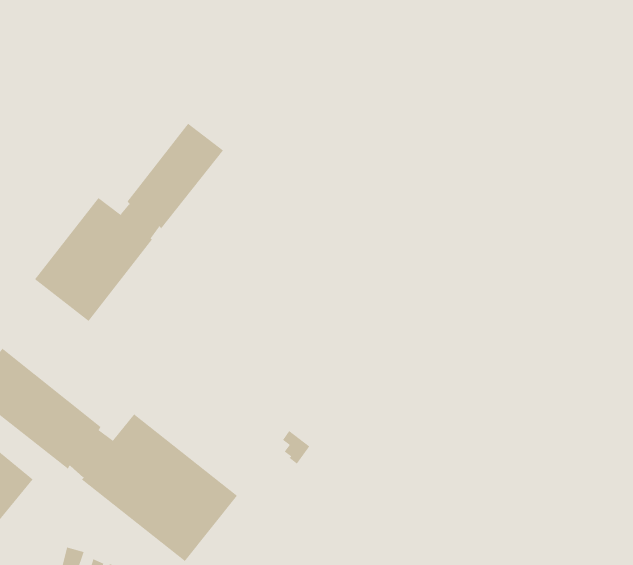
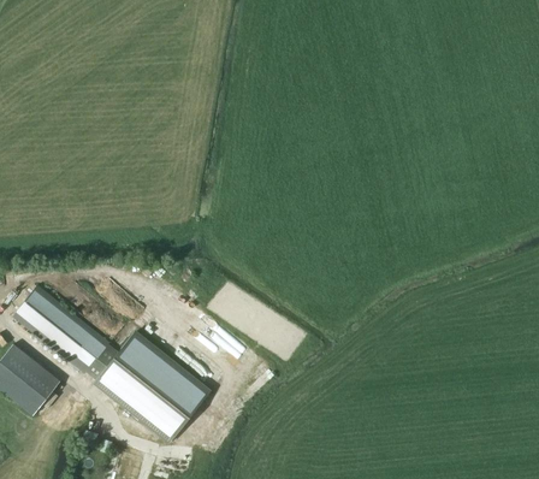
building: [34,123,224,322] -> none

